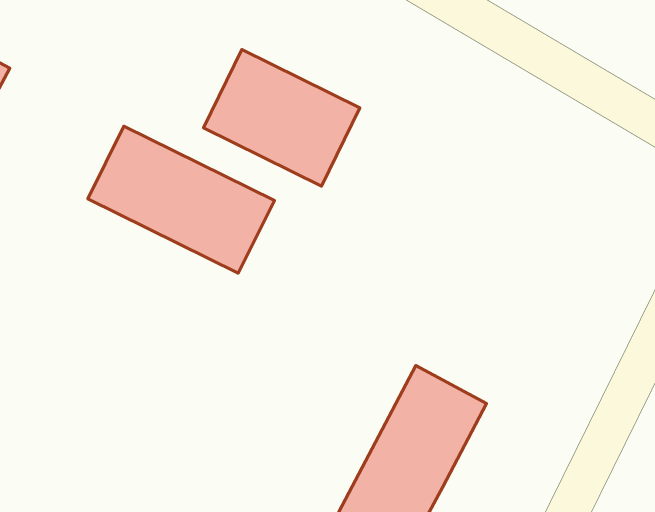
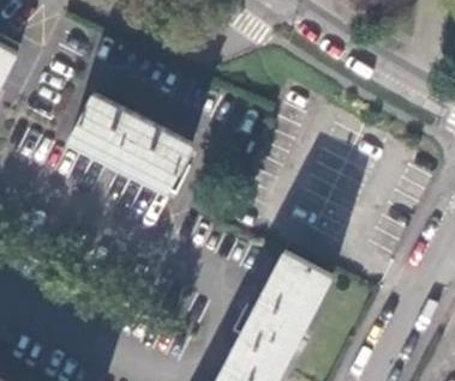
building: [204,50,360,186] -> none

